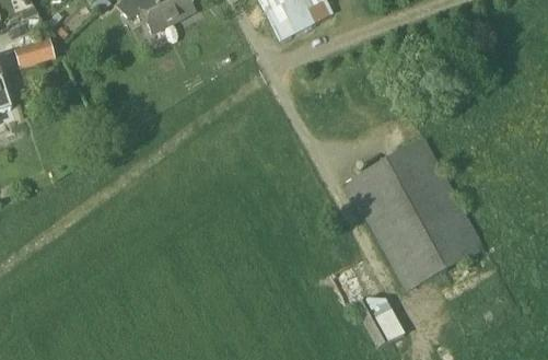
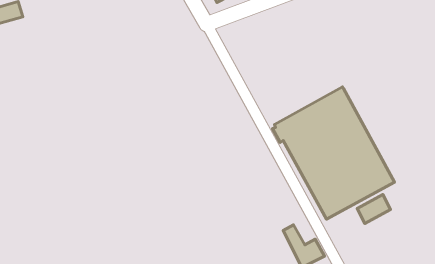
building: none -> [357,195,391,224]

